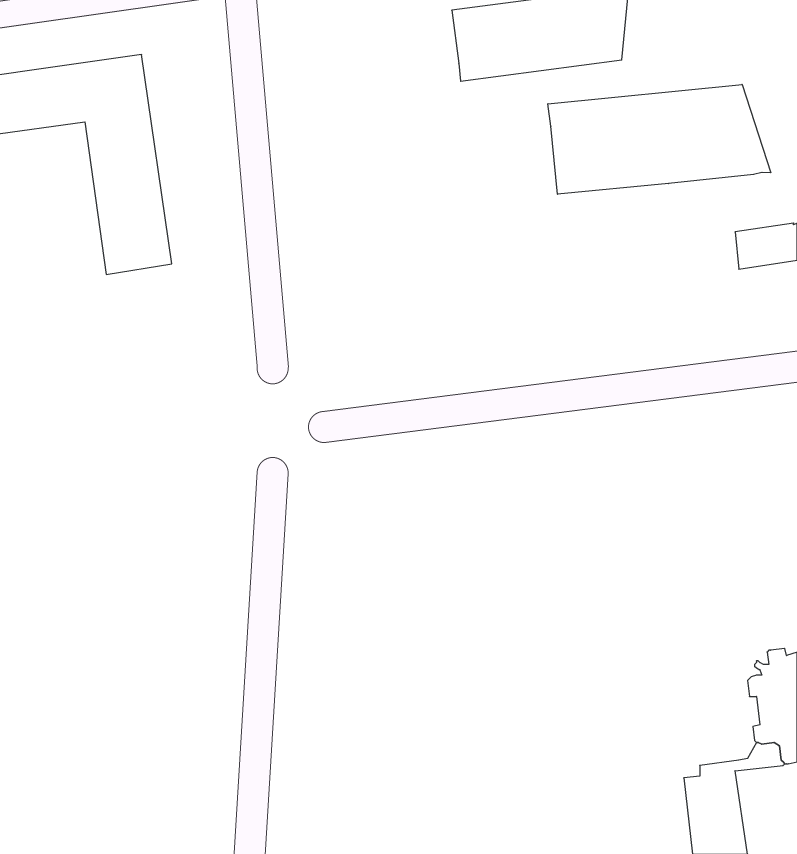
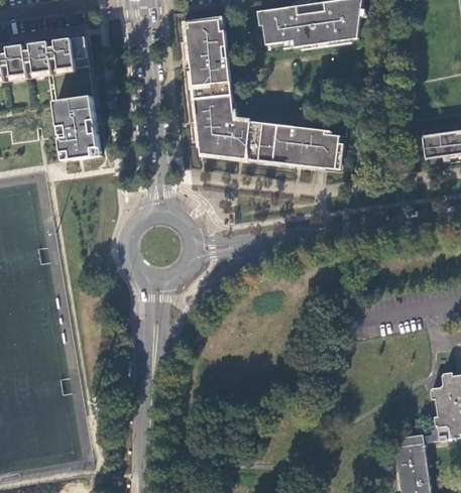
building: none -> [186,15,337,167]
building: [548,84,771,194] -> none

